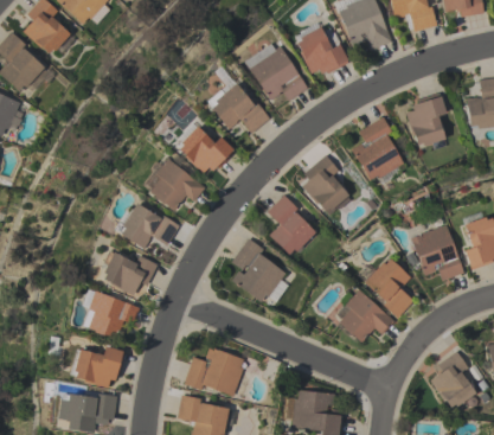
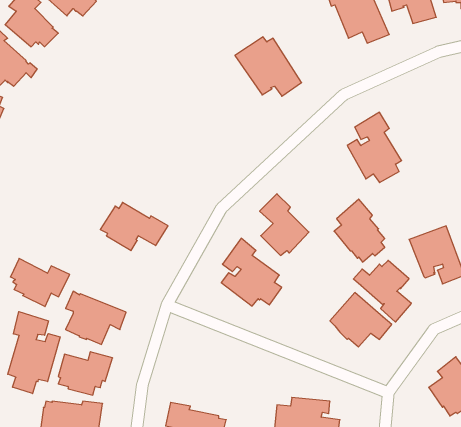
building: [295,23,348,73] -> none
building: [206,66,270,133] -> none
building: [405,96,447,146] -> none
building: [179,123,236,173] -> none
building: [302,154,351,215] -> [334,199,385,262]
building: [141,158,205,210] -> none
building: [101,249,158,295] -> [10,258,70,307]
building: none -> [8,312,60,394]
building: [185,346,244,396] -> none

